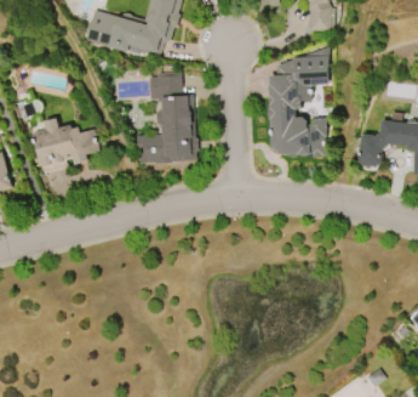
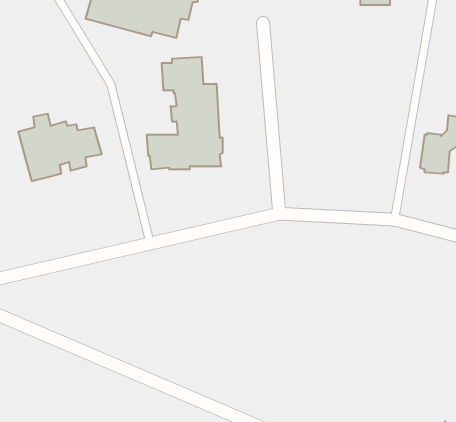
building: [268,45,328,157] -> none

